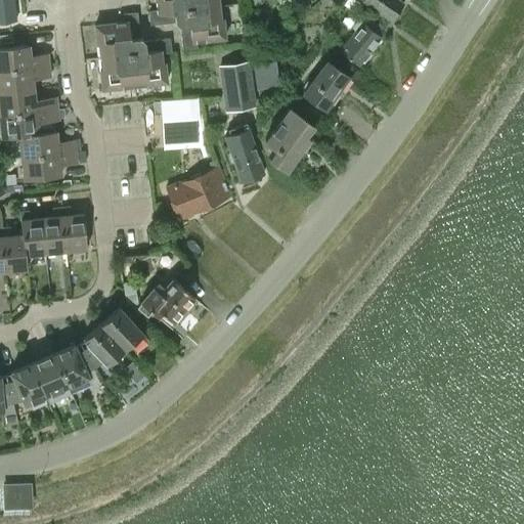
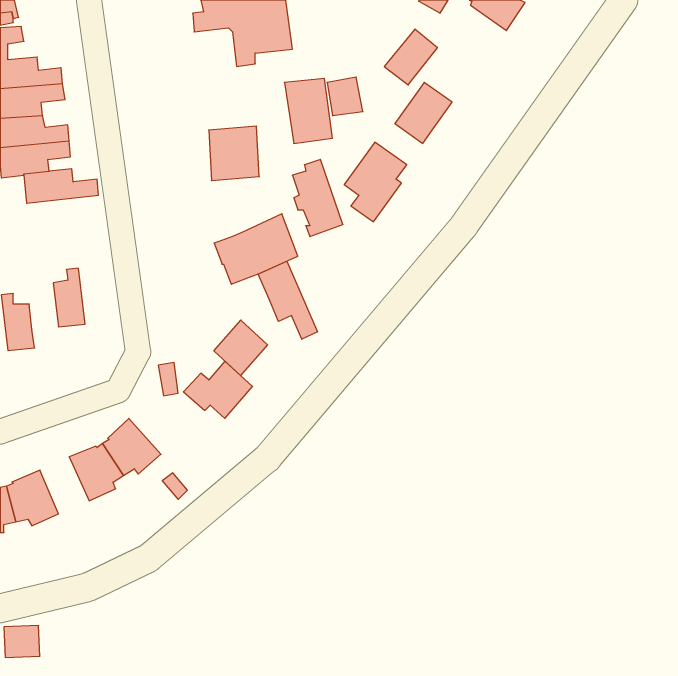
building: [95,13,172,91] -> none
building: [340,27,381,70] -> [384,29,437,85]
building: [21,152,78,181] -> none
building: none -> [258,261,317,339]
building: [61,208,87,252] -> none
building: [20,212,46,256] -> none
building: none -> [214,320,268,376]
building: [100,308,144,352] -> none
building: [32,354,70,398] -> none

